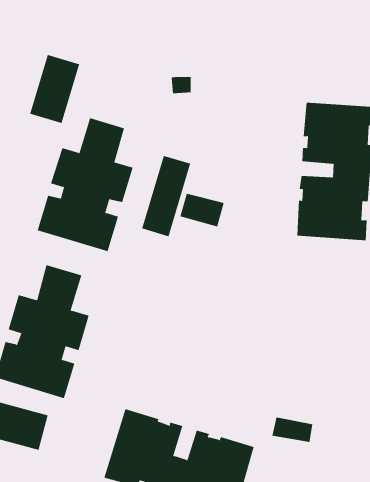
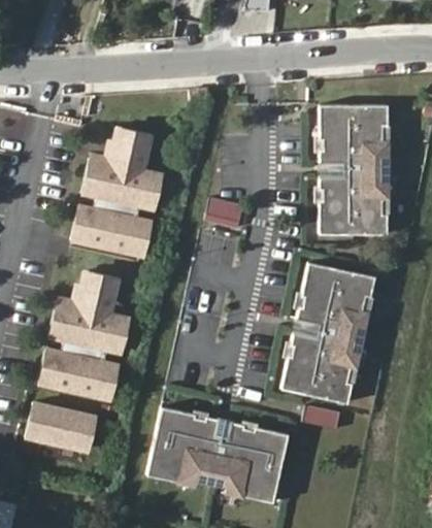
building: [29,54,80,124] -> none
building: [142,155,191,237] -> none
building: none -> [280,264,373,403]

